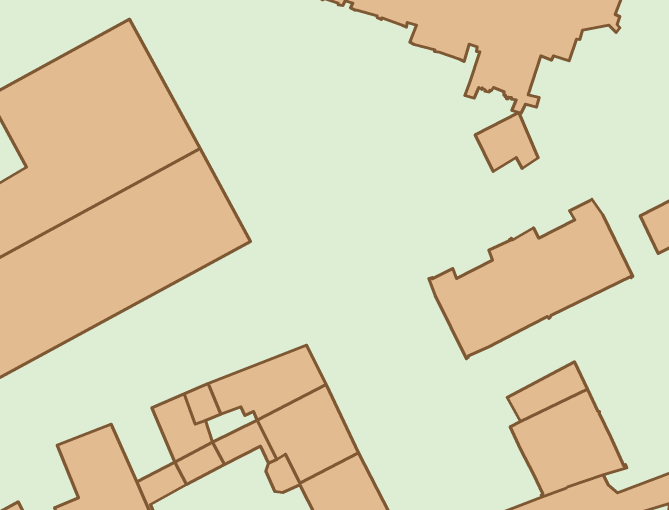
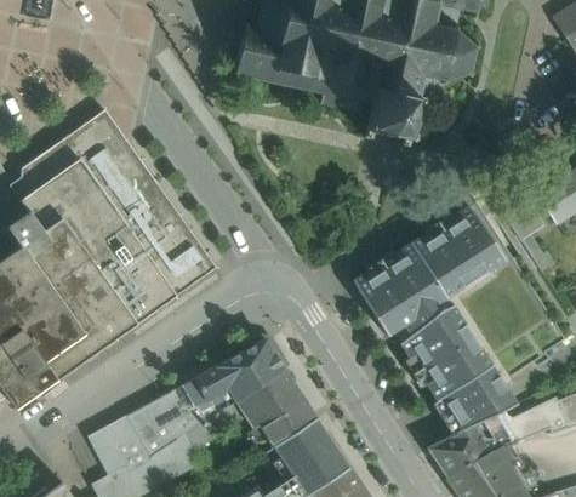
building: [475,113,538,171] -> none
building: none -> [400,304,469,362]
building: none -> [127,401,178,458]

